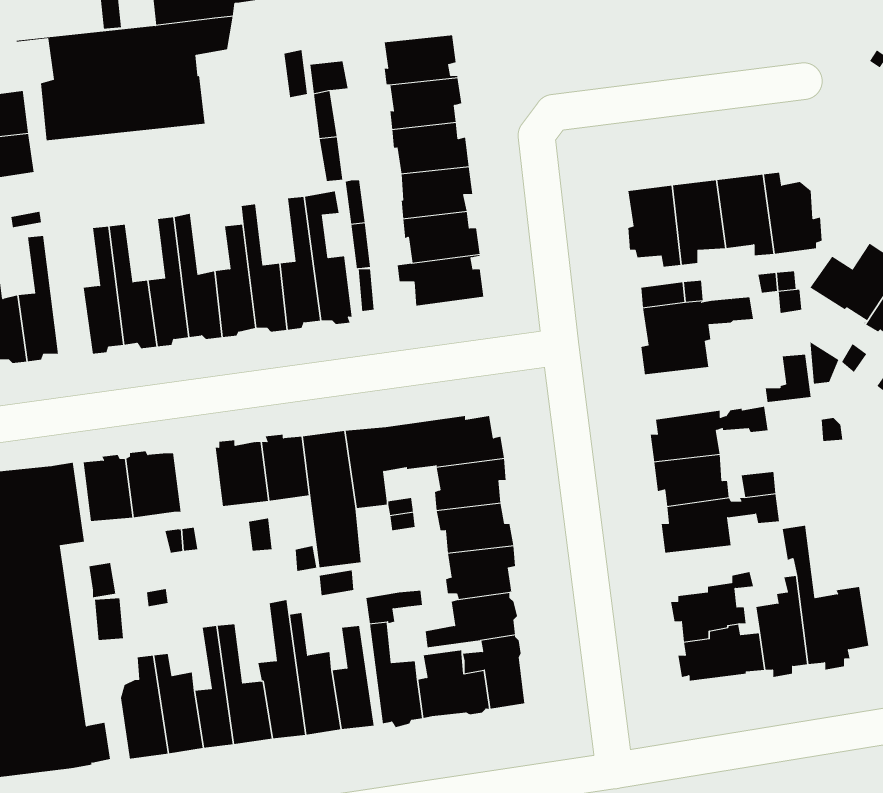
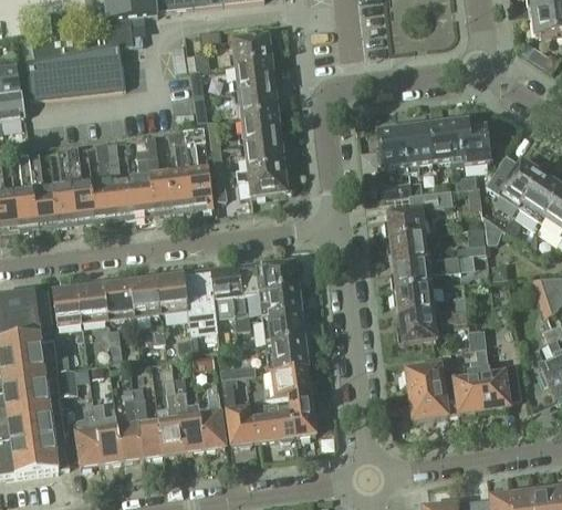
building: none -> [29,153,58,226]
building: none -> [386,232,431,263]
building: none -> [106,278,135,319]

